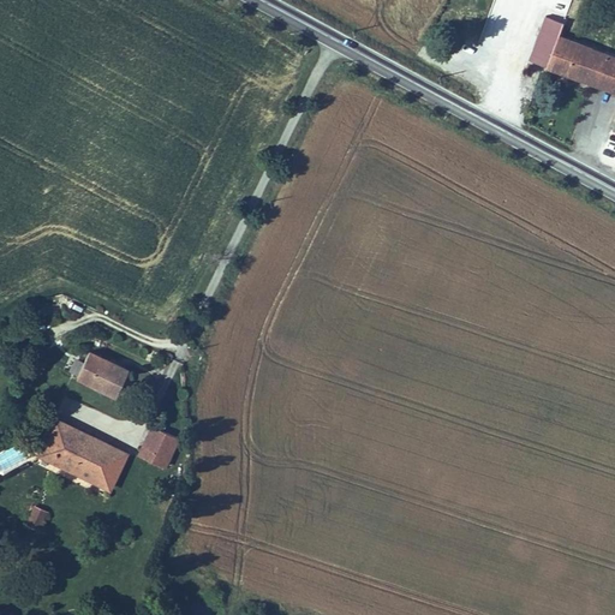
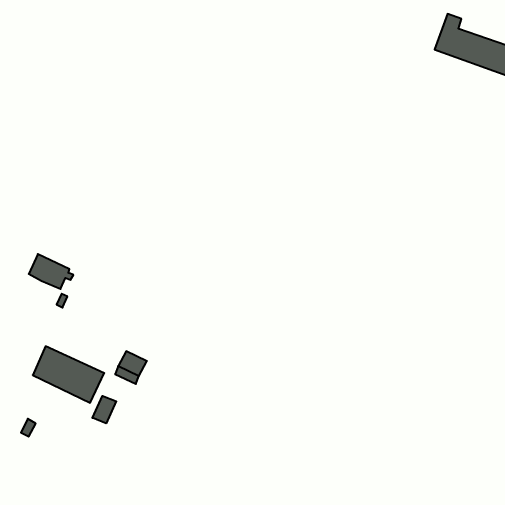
building: [79,353,133,395] -> [29,254,73,289]
building: none -> [92,396,116,423]

